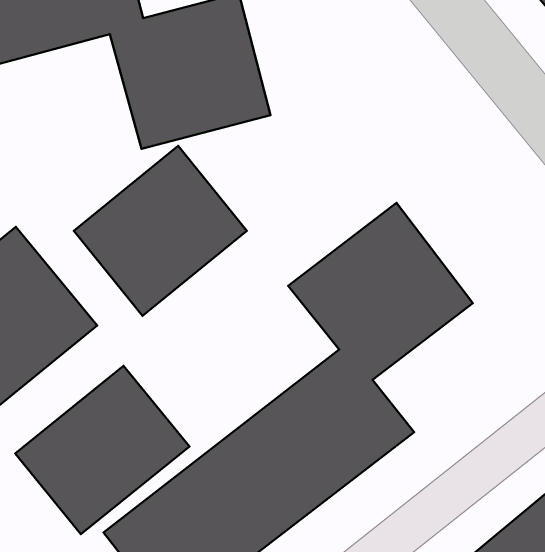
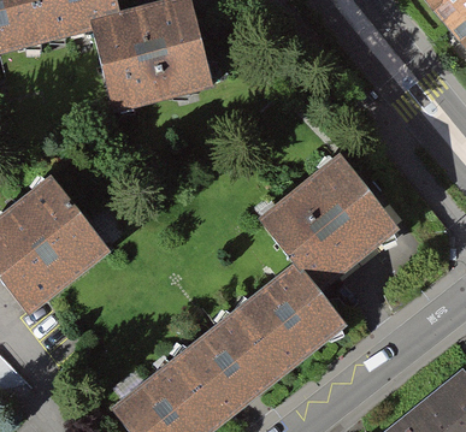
building: [74,146,247,316] -> none
building: [15,366,189,534] -> none

